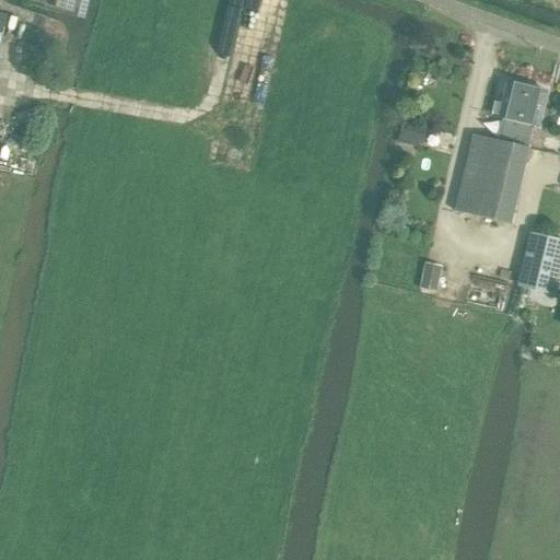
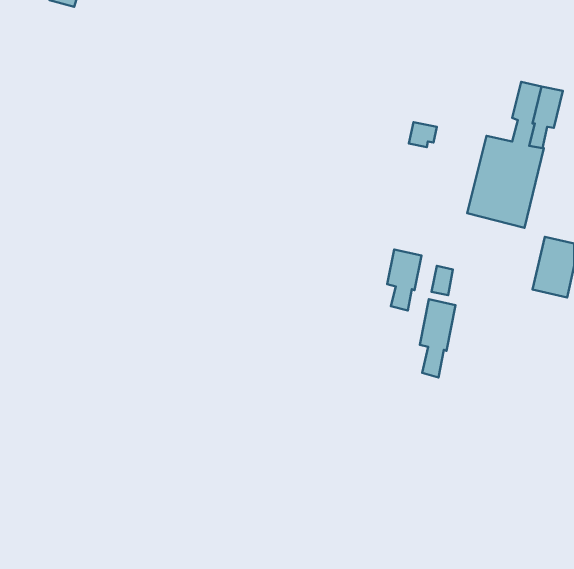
building: none -> [387,249,421,310]
building: none -> [420,299,456,377]

